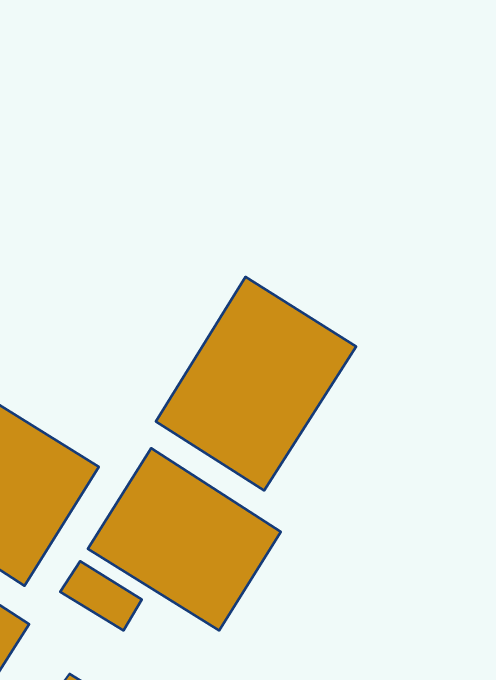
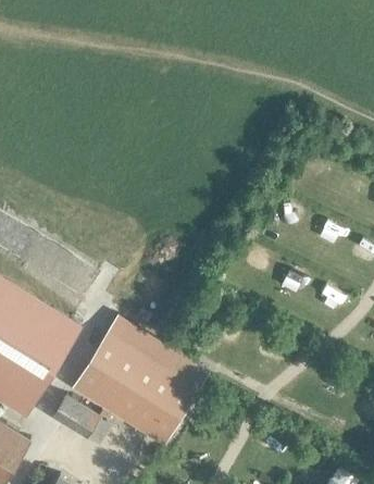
building: [156,277,356,490] -> none

